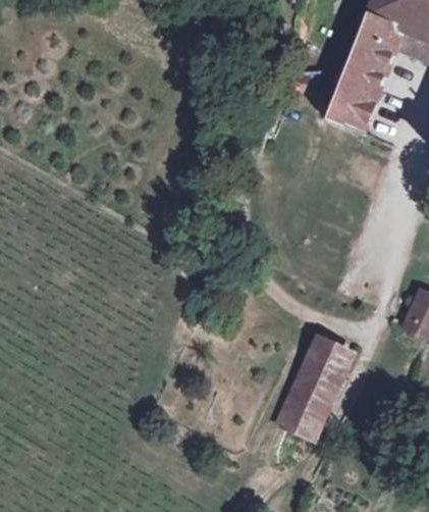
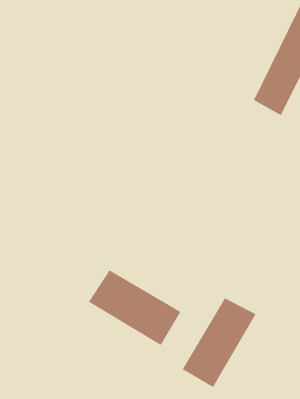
building: none -> [88,269,181,346]

